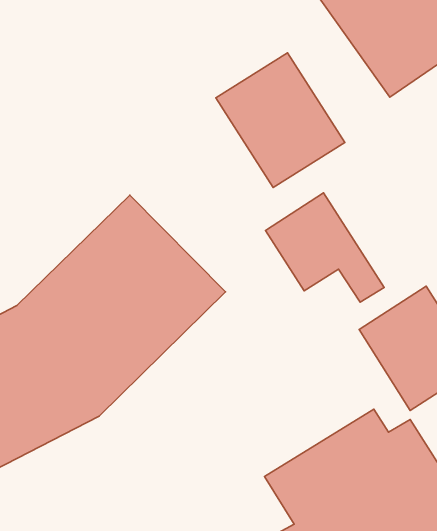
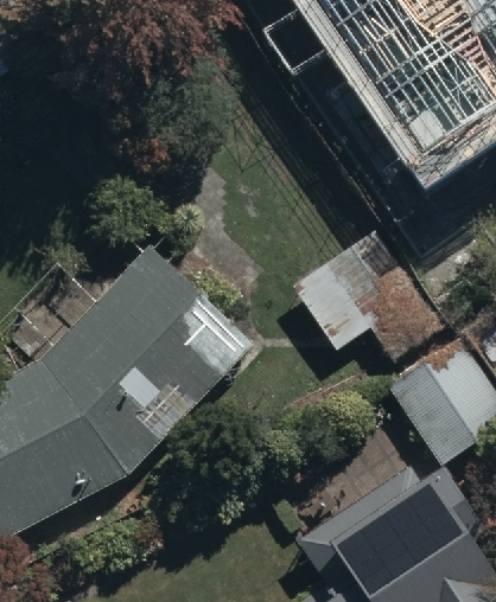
building: [216,53,345,187] -> none

